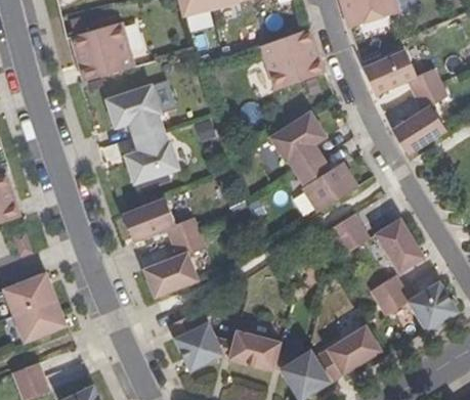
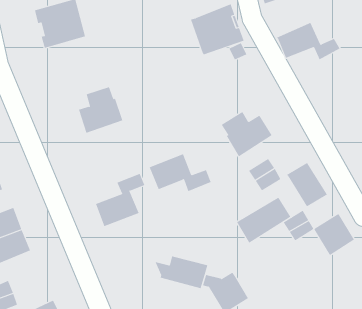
building: [391,81,446,154] -> none
building: [105,84,162,136] -> none
building: [270,109,328,173] -> none
building: [123,196,199,242] -> [149,153,211,192]
building: [174,321,223,370] -> none
building: [314,325,381,382] -> [236,197,291,244]

